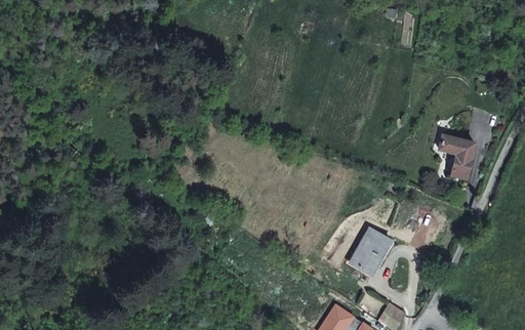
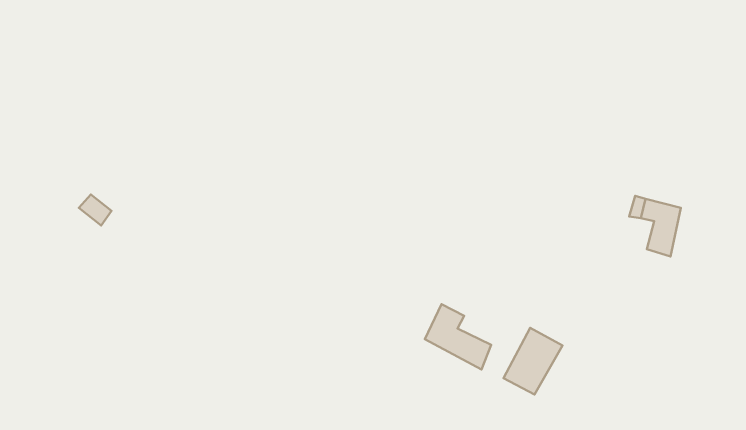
building: none -> [425,304,491,369]

